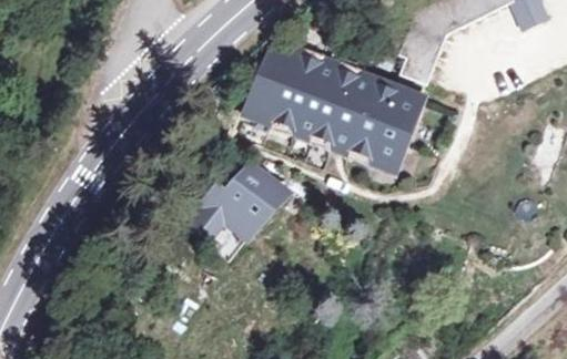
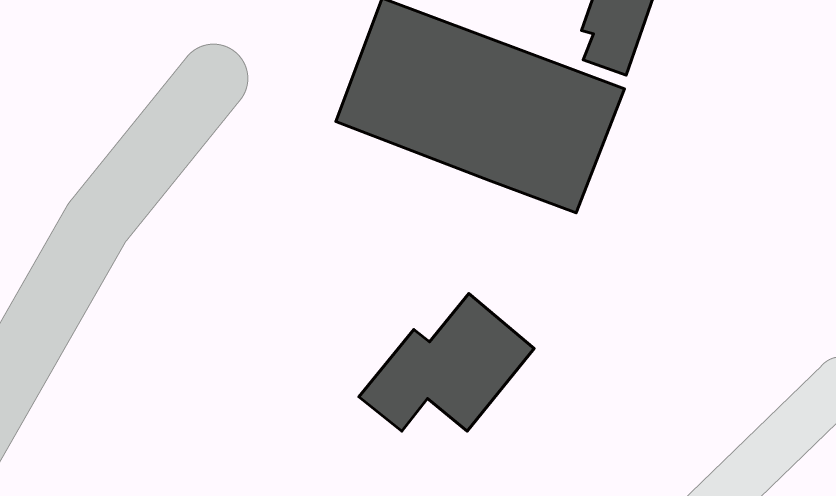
building: [179,156,292,245] -> [359,294,534,431]

